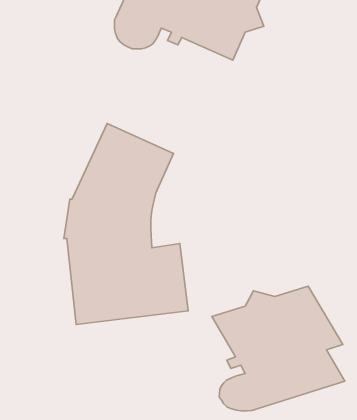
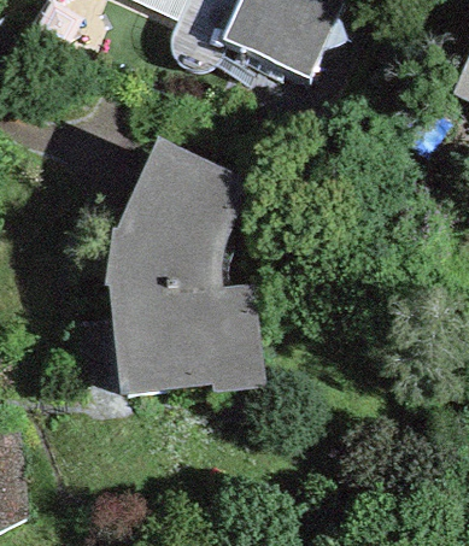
building: [212,286,345,411] -> none

